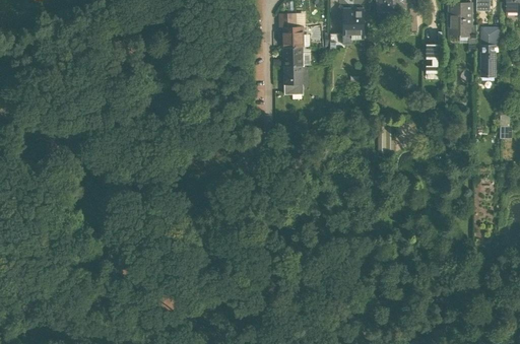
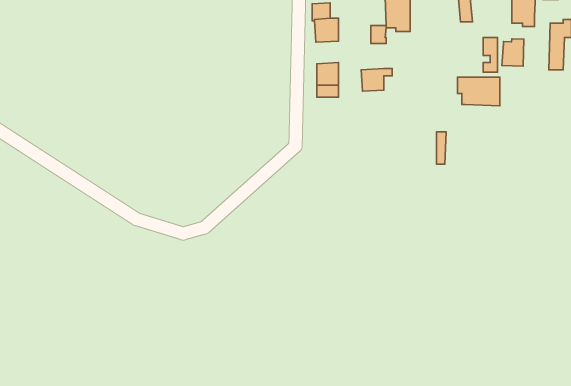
building: none -> [502,39,524,66]
building: [283,47,310,66] -> [361,69,392,91]
building: none -> [457,77,500,106]

